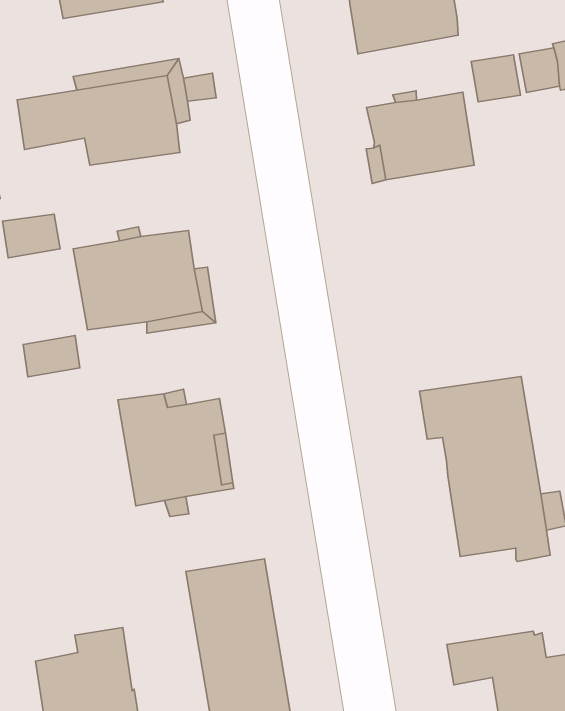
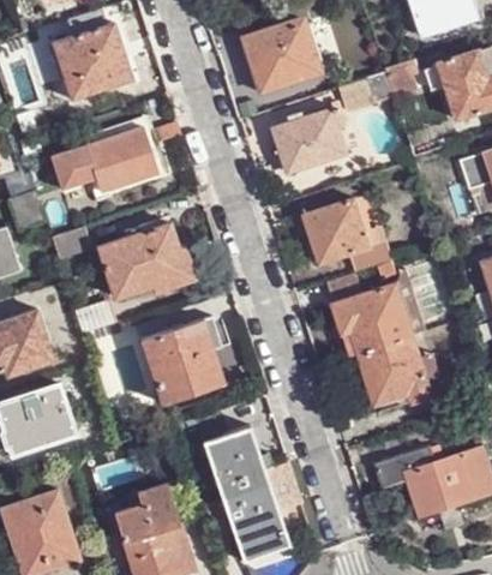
building: none -> [306,199,392,272]

